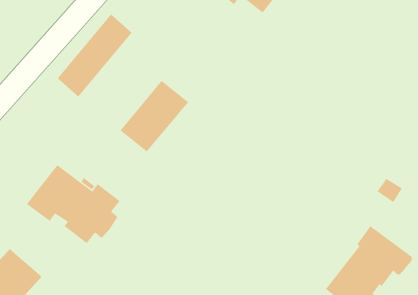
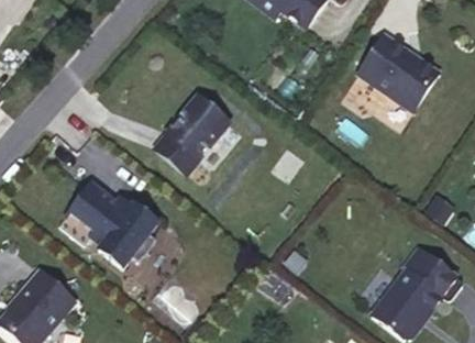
building: [57,14,133,97] -> none
building: none -> [357,34,439,109]

